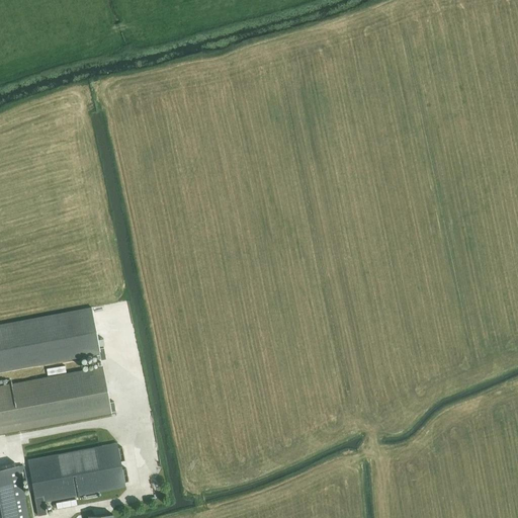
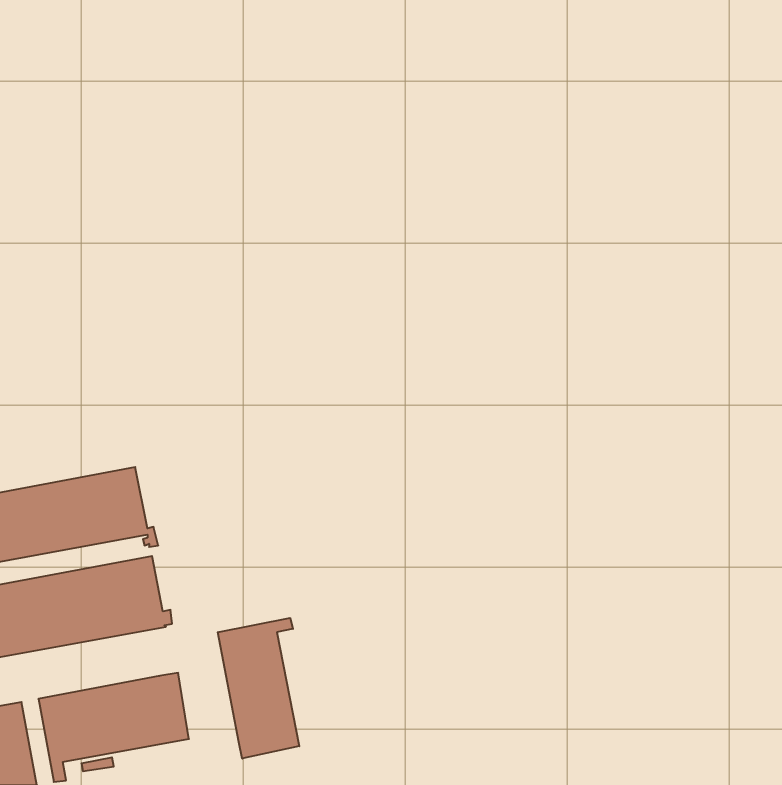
building: none -> [218,618,299,759]

